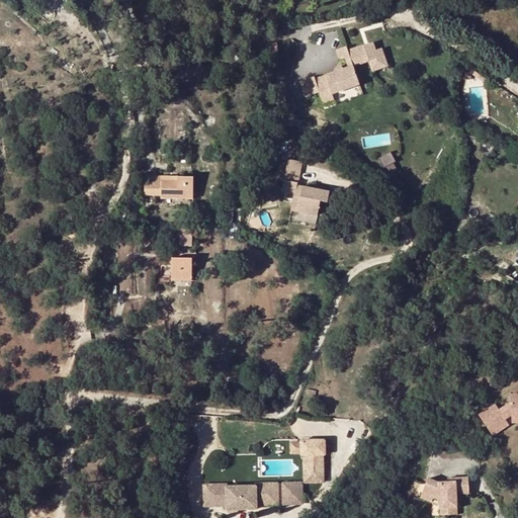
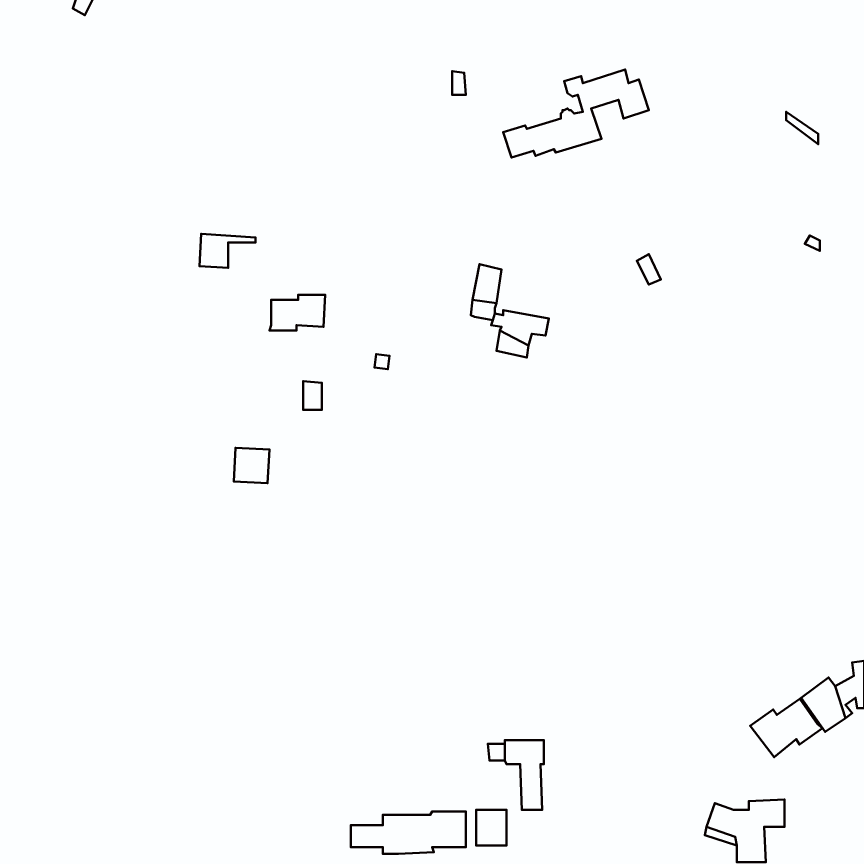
building: [145,174,178,194] -> [199,234,255,268]
building: [171,257,192,278] -> [234,448,269,483]
building: none -> [750,699,823,757]

